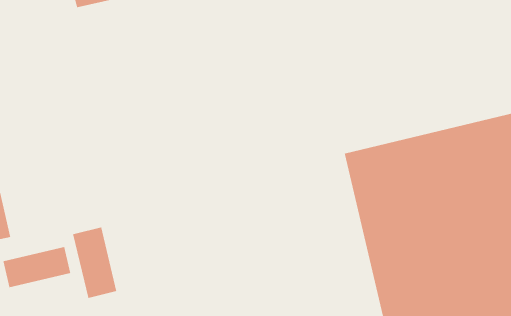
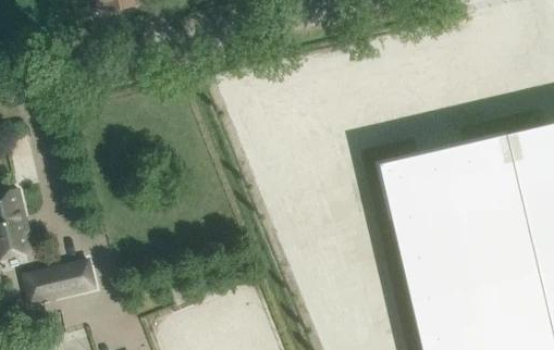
building: [72,227,117,299] -> none

